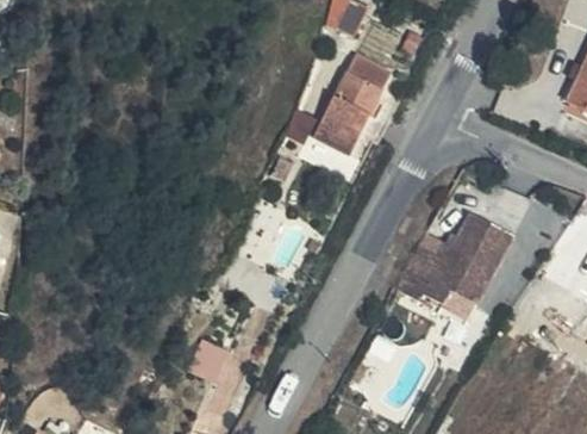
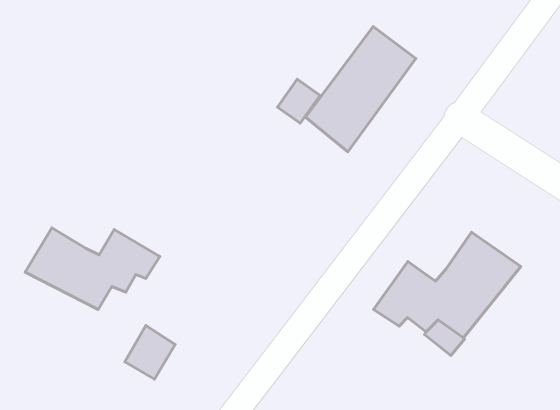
building: none -> [25,228,160,310]

